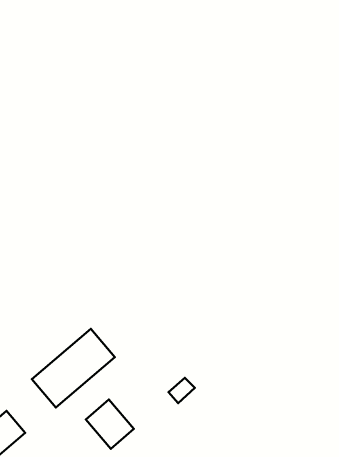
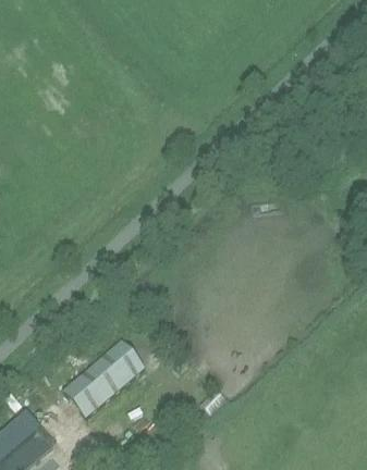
building: [86,400,134,449] -> none

